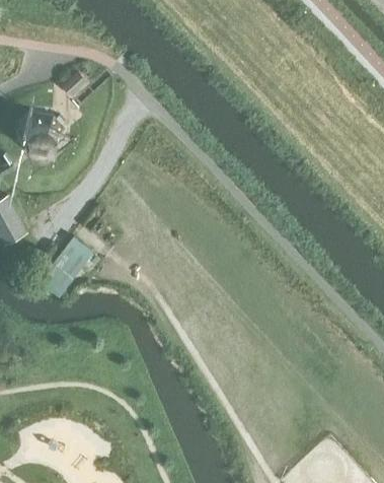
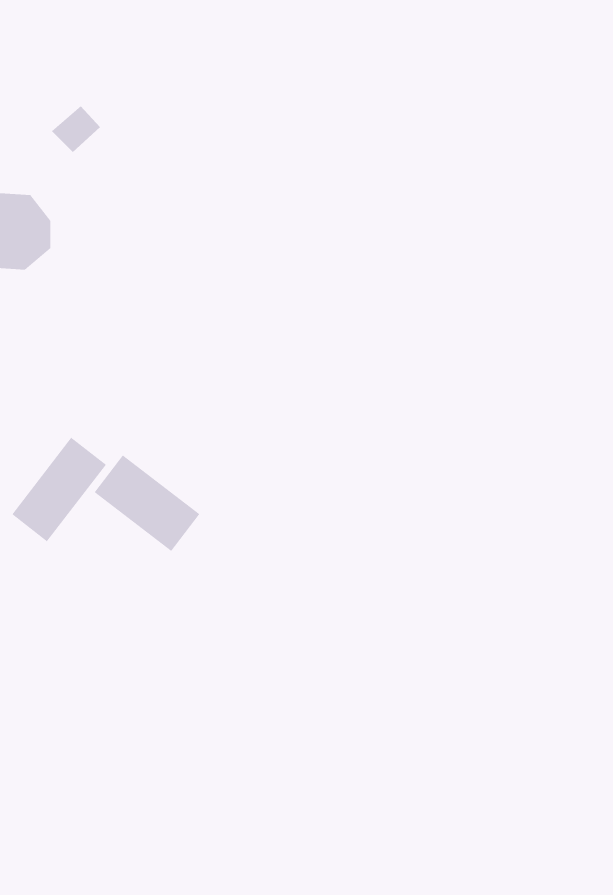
building: none -> [94,454,200,552]

